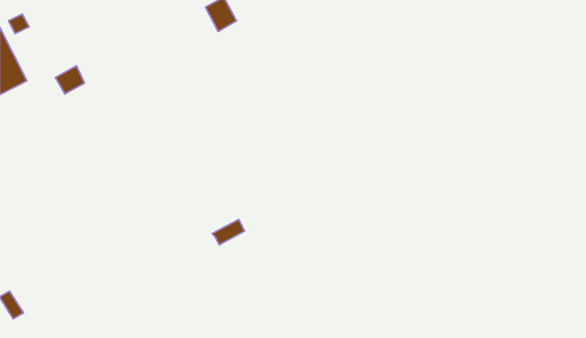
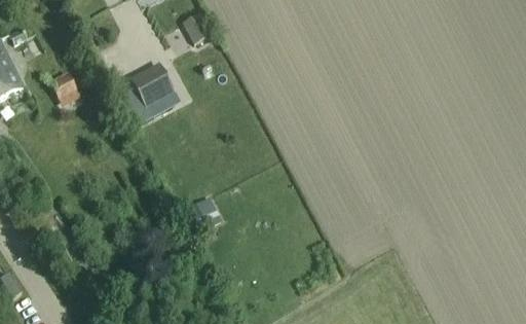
building: none -> [130,65,174,107]

